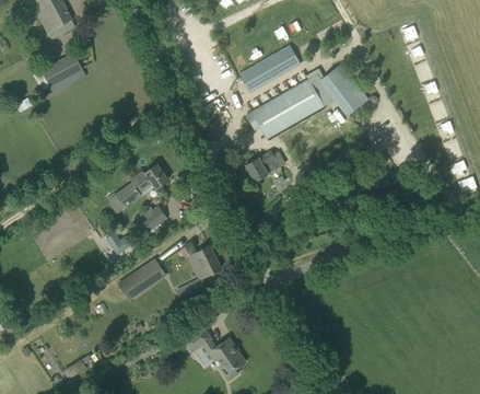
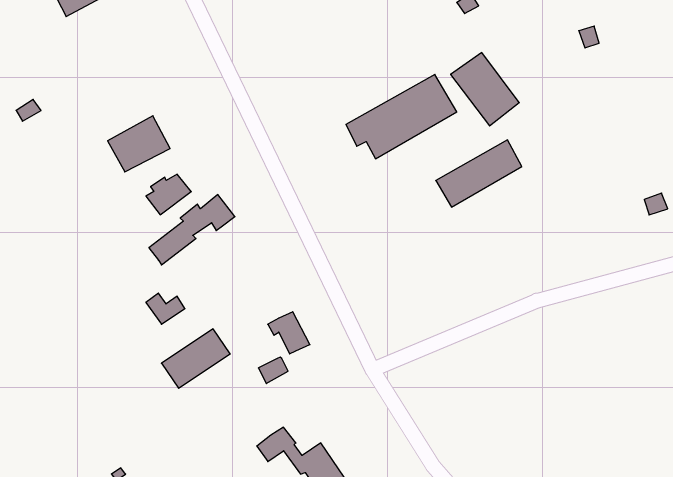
building: [239,45,300,92] -> [436,140,522,207]
building: [43,53,86,92] -> [108,116,170,172]
building: [246,150,281,181] -> none
building: [137,206,168,234] -> [146,174,191,215]

